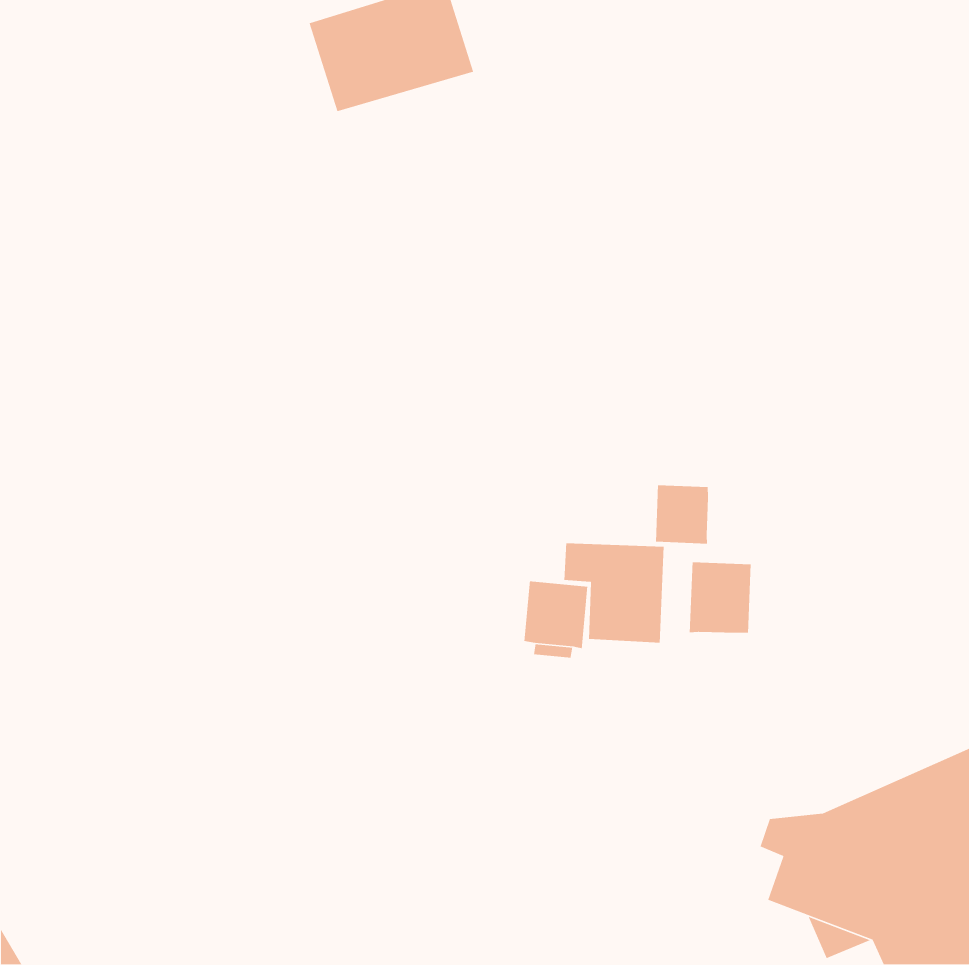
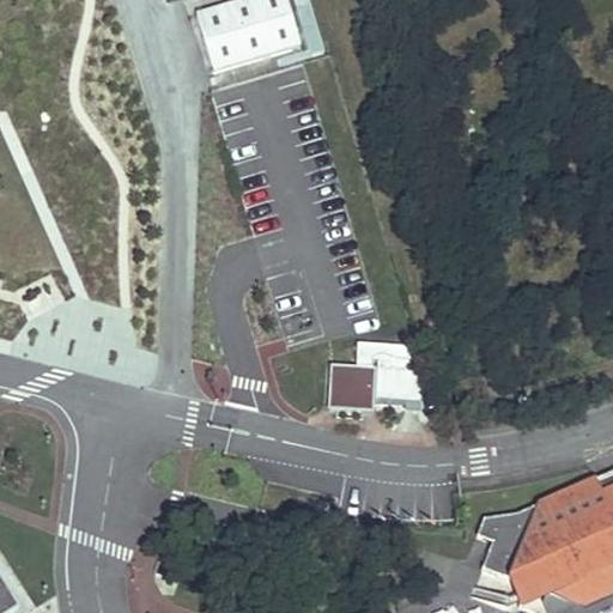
building: [655,485,709,544] -> none
building: [689,562,751,634] -> none

